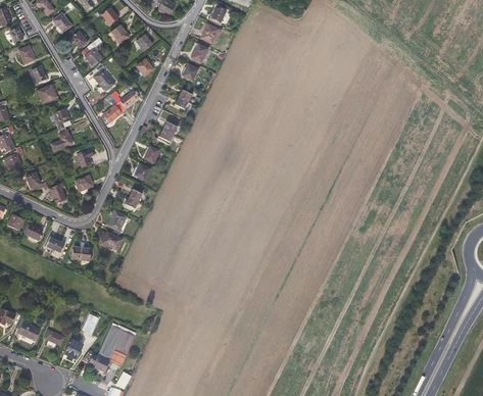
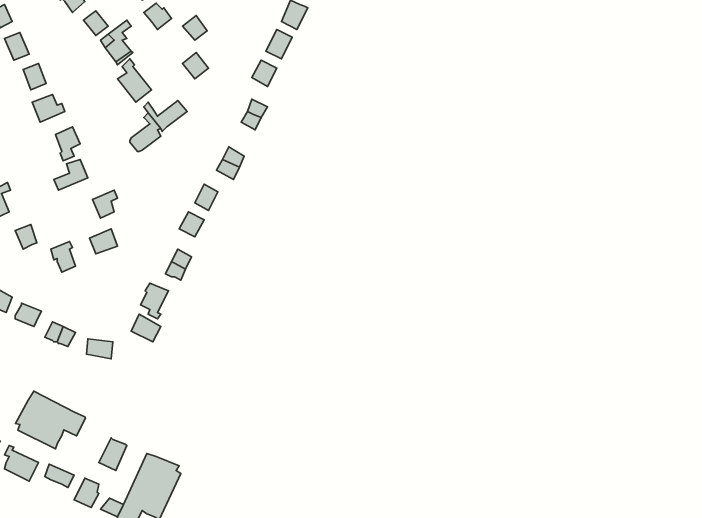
building: none -> [15,391,86,449]

